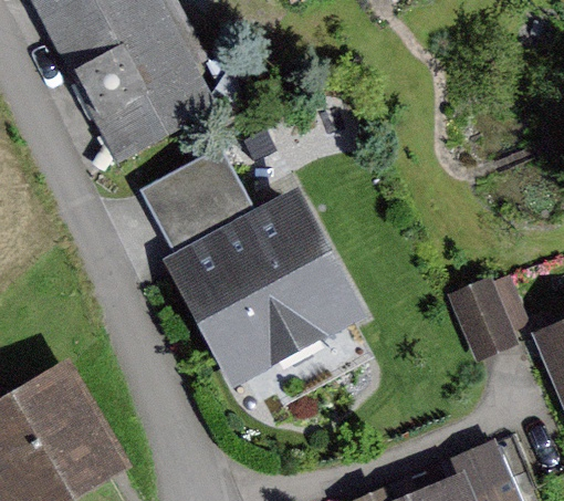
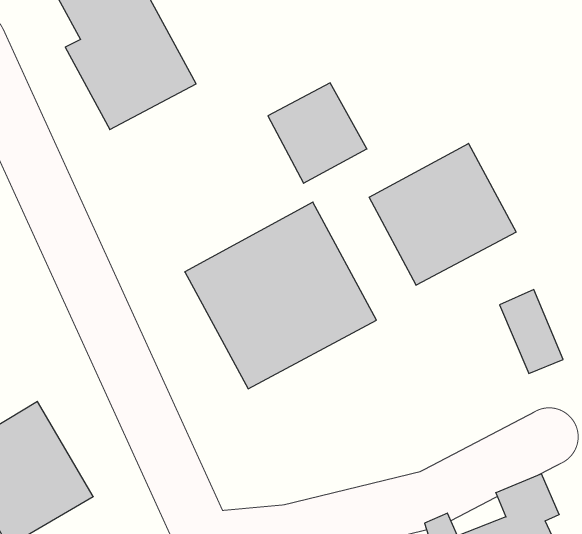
building: [165,152,251,239] -> [268,83,367,183]
building: none -> [369,143,516,285]

